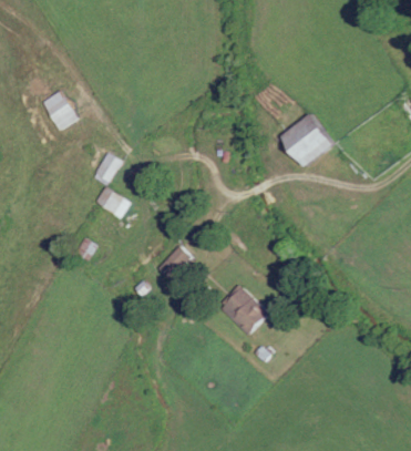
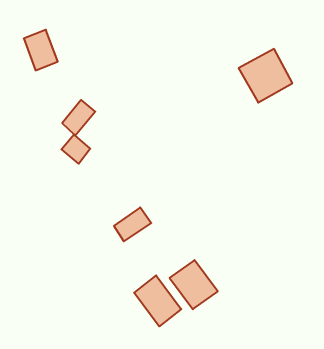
building: [282,111,337,165] -> [239,49,292,103]
building: none -> [134,275,181,326]

